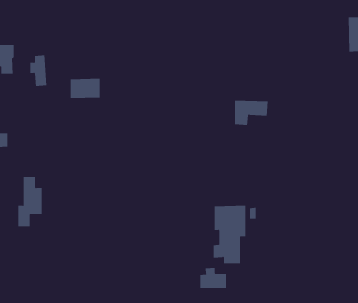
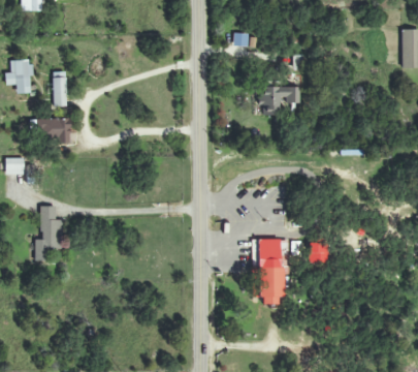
building: [70,78,101,99] -> [36,118,70,141]
building: [234,100,268,125] -> [263,86,301,114]
building: [200,267,227,289] -> none

